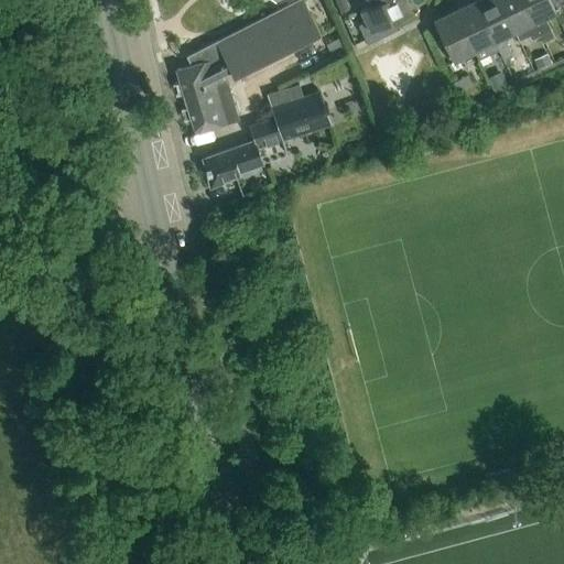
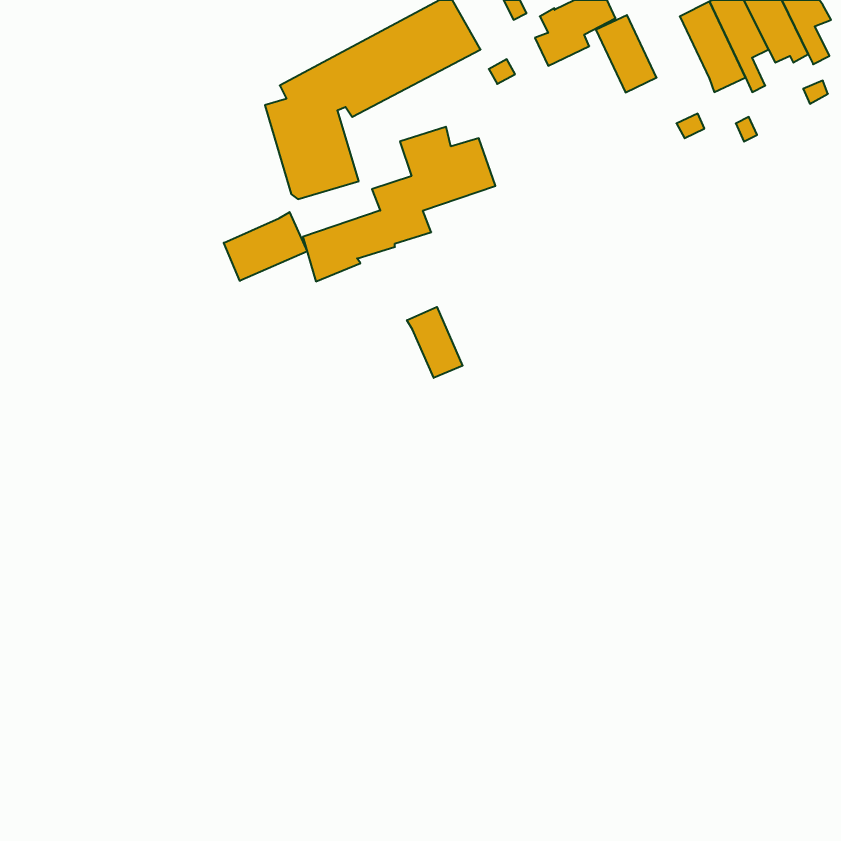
building: [434,11,475,63] -> [596,15,657,92]
building: none -> [224,212,307,281]
building: none -> [407,307,463,378]

